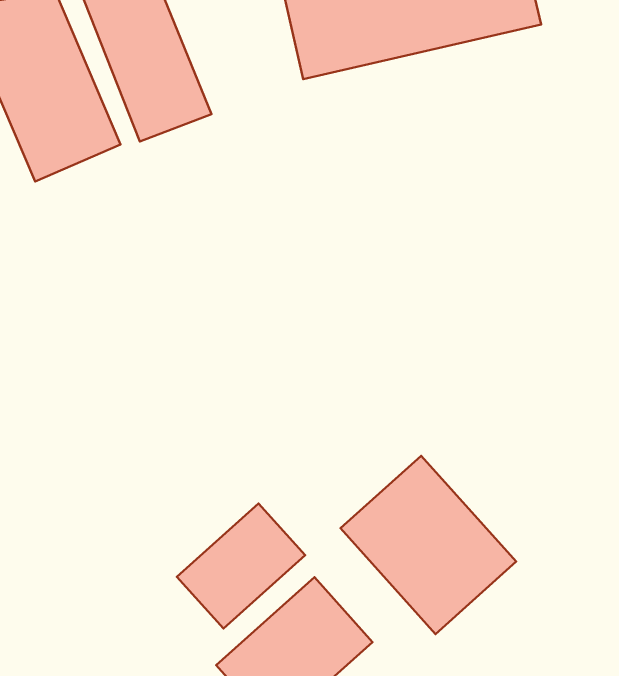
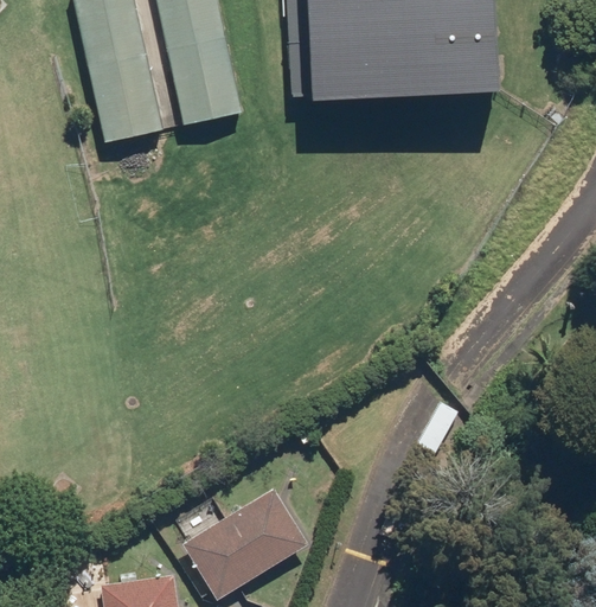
building: [341,456,516,634] -> none
building: [177,504,305,628] -> none

